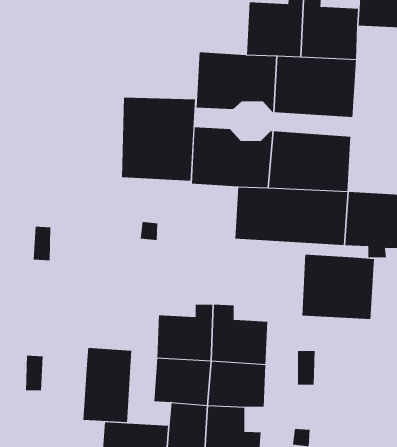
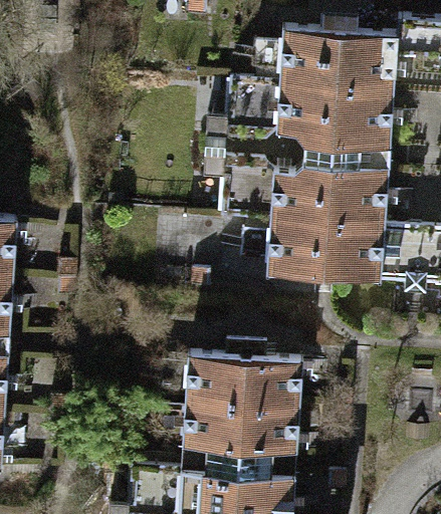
building: [121,97,196,181] -> none
building: [302,254,375,320] -> none
building: [83,347,132,423] -> none

